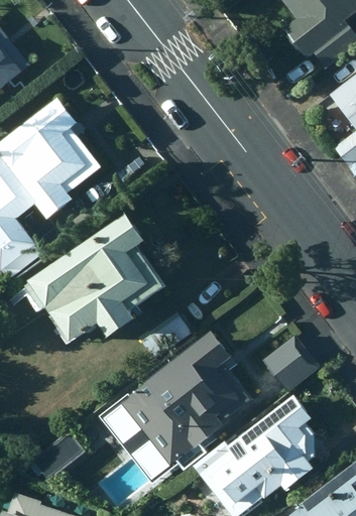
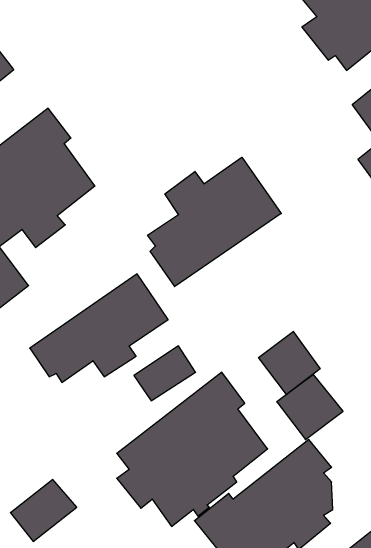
building: none -> [148,157,281,287]
building: [23,214,144,310] -> none
building: none -> [259,331,320,395]

